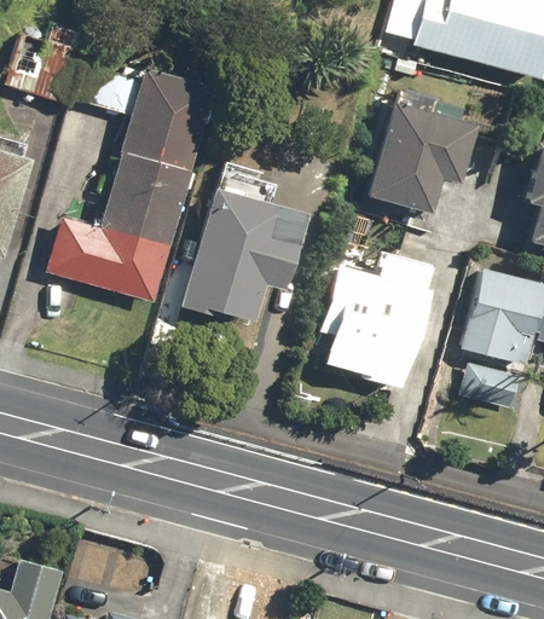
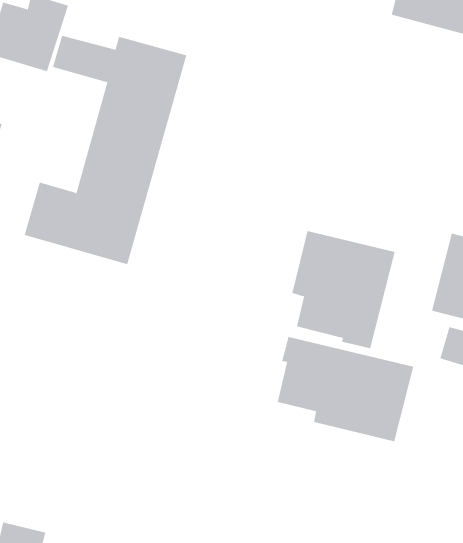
building: [366,100,479,214] -> none
building: [183,175,305,322] -> none
building: none -> [277,336,414,442]

